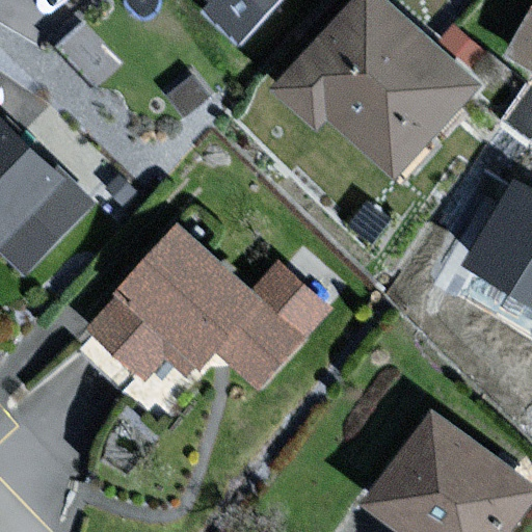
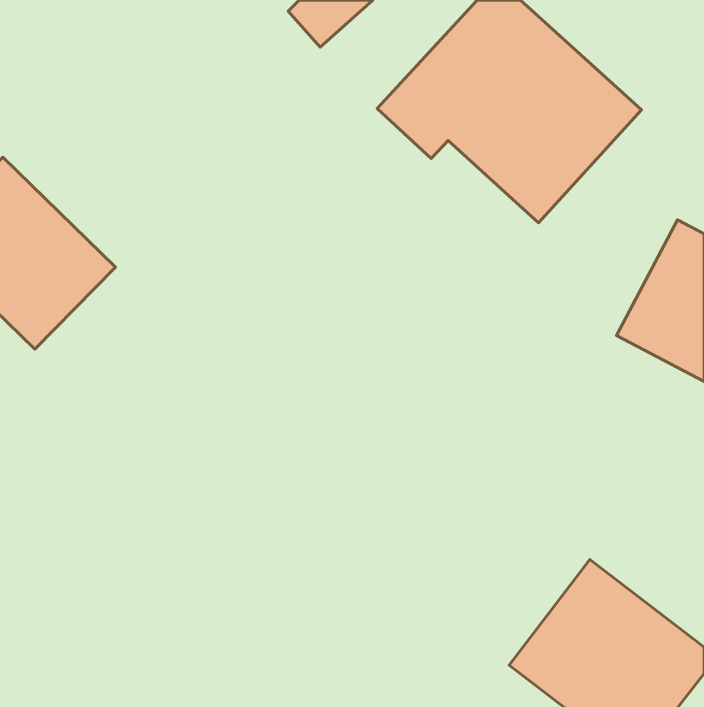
building: [96,231,320,379] -> none

